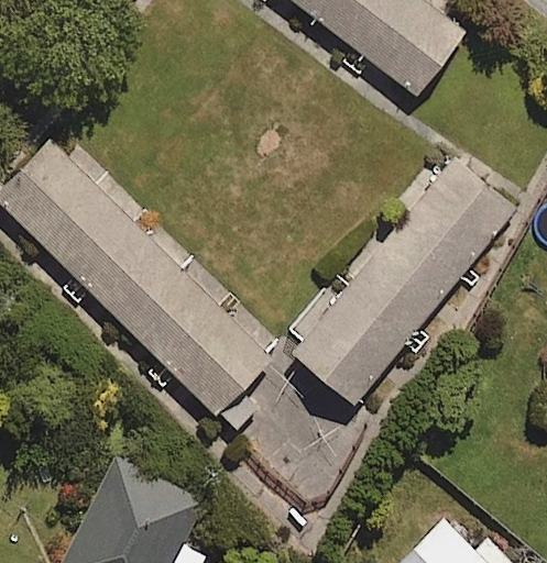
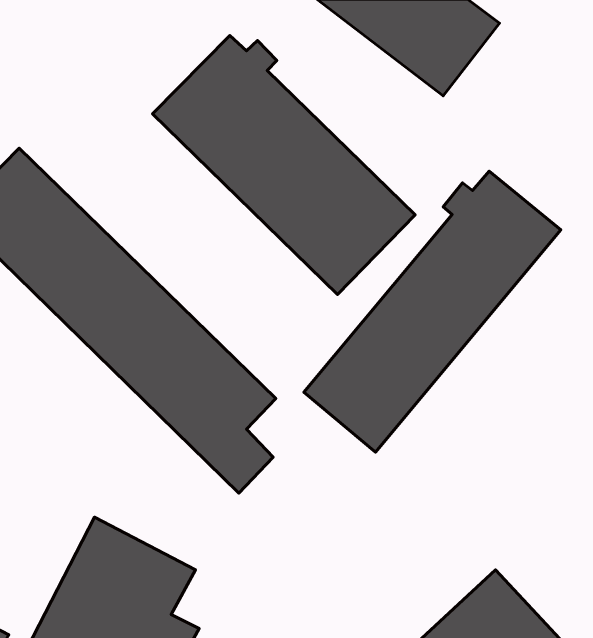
building: none -> [153,35,415,295]

